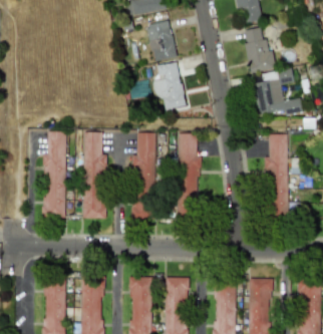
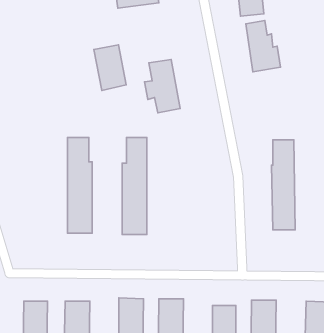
building: [147,21,177,62] -> [94,45,126,91]
building: [255,69,303,115] -> none
building: [44,131,67,219] -> none
building: [178,133,199,215] -> none

